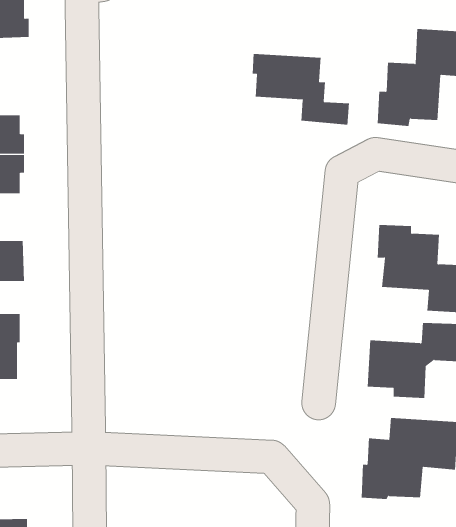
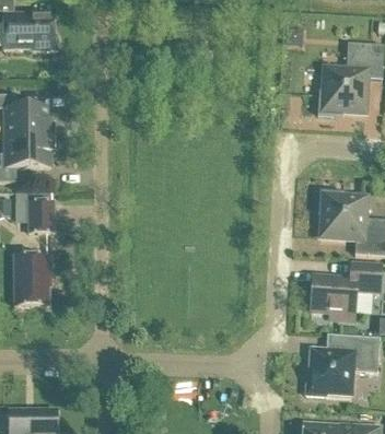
building: [252,53,349,126] -> none

